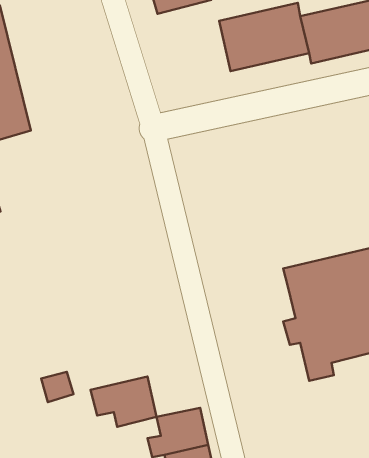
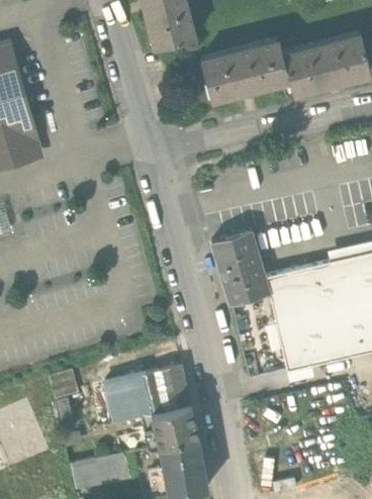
building: none -> [214,231,270,305]
building: none -> [144,368,191,412]

